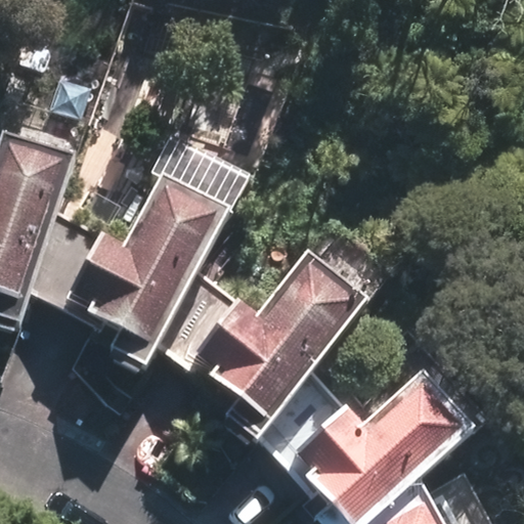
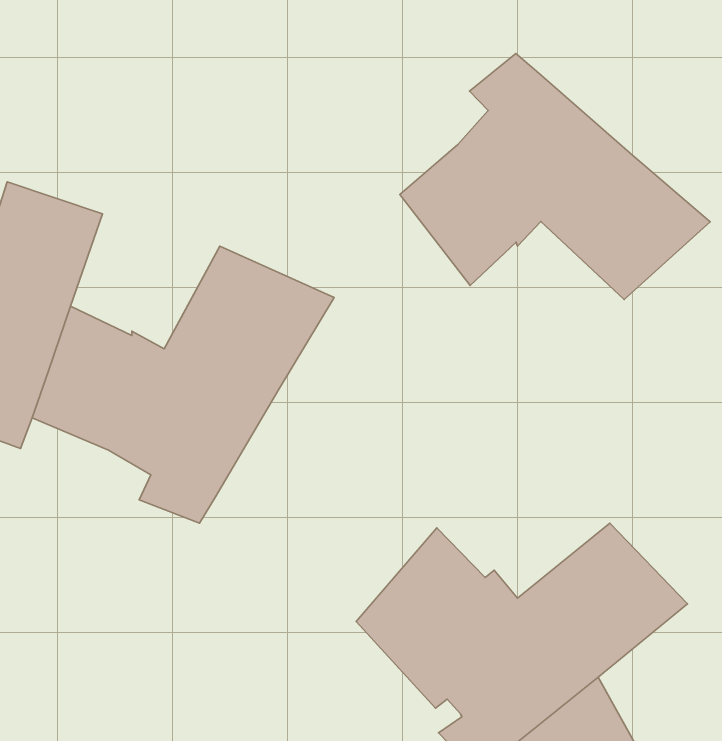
building: none -> [400,54,710,299]
building: [152,245,373,436] -> none

